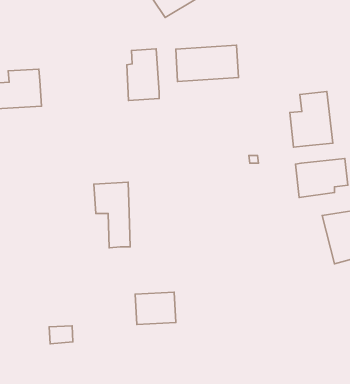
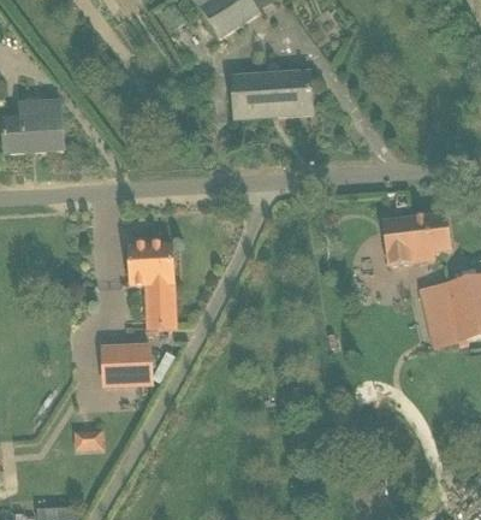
building: [127,49,159,100] -> none
building: [290,92,333,147] -> none
building: [135,292,176,324] -> [101,344,153,385]

